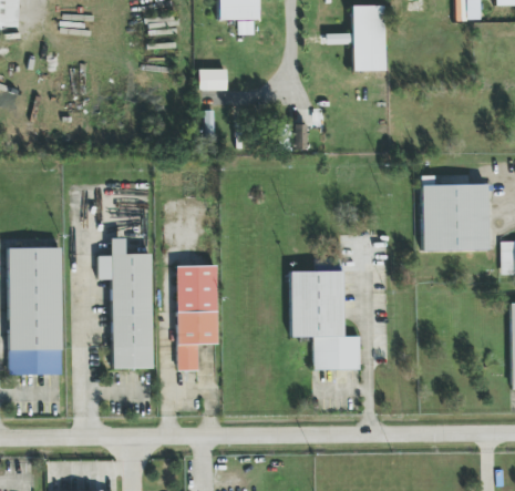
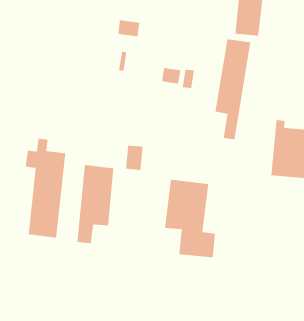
building: none -> [214,39,251,140]
building: none -> [161,67,181,85]
building: none -> [125,145,144,171]

